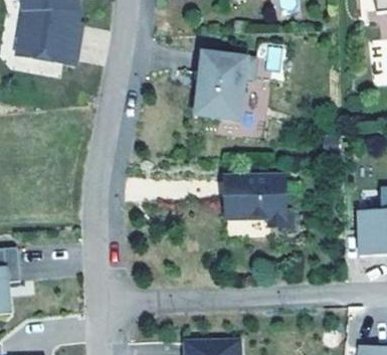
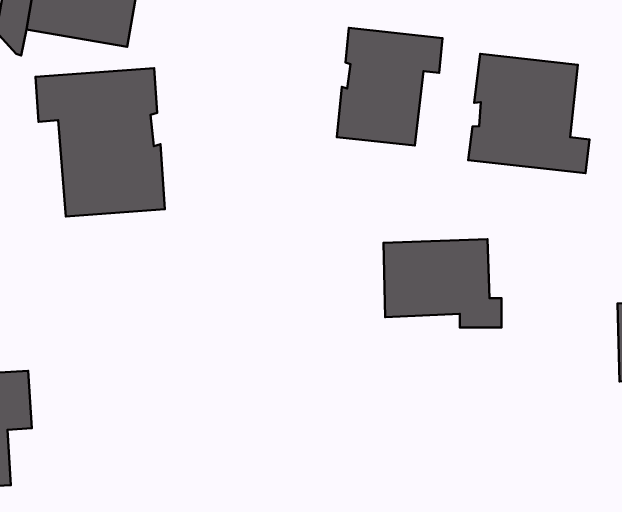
building: none -> [468,54,590,173]
building: none -> [36,68,165,216]

